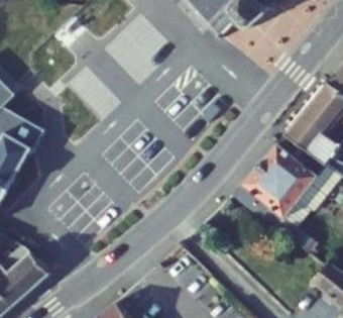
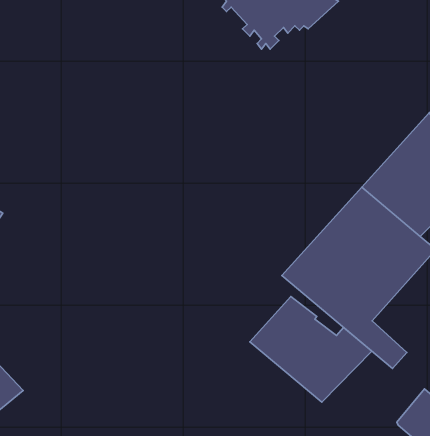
building: none -> [250,296,372,402]

